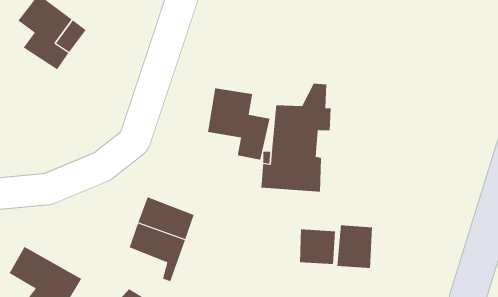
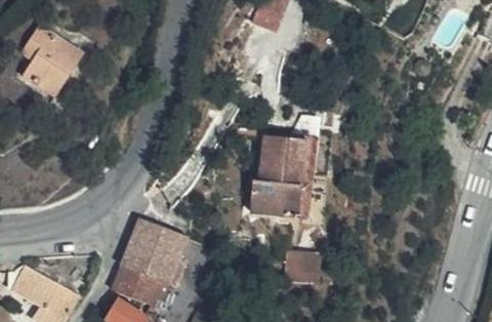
building: [208,88,270,161] -> none
building: [337,225,372,269] -> none
building: none -> [115,266,160,305]

